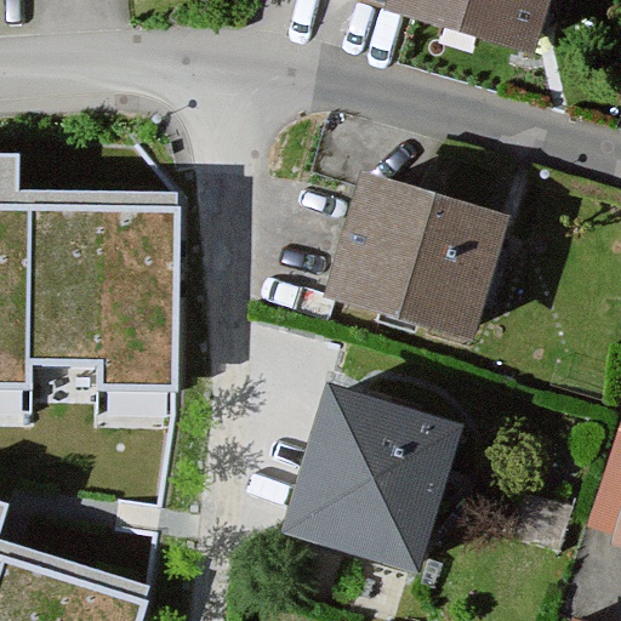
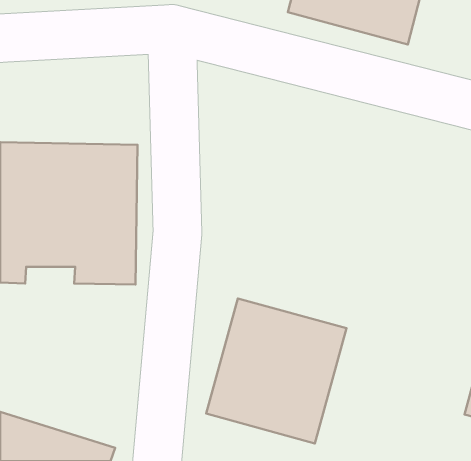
building: [323,180,503,338] -> none

